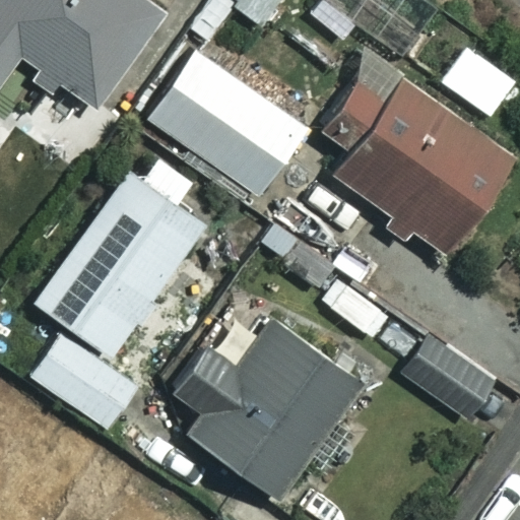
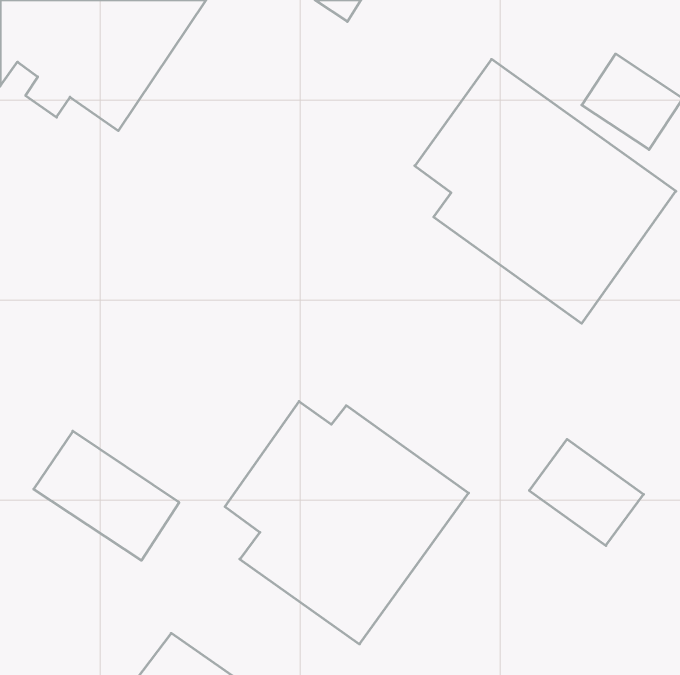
building: [147,50,308,198] -> none
building: [35,148,206,358] -> none

